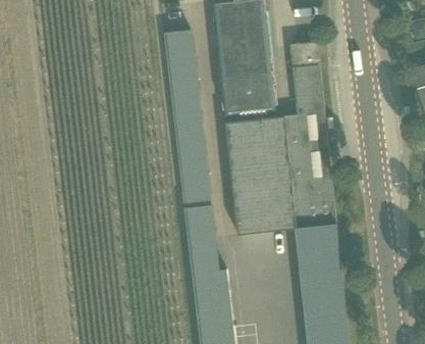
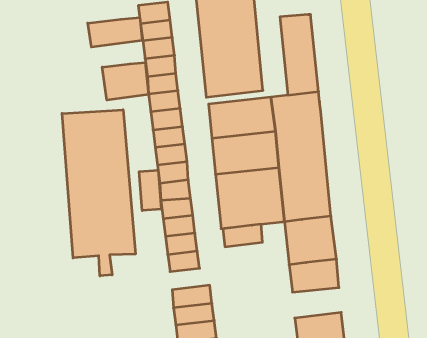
building: none -> [88,17,142,47]
building: none -> [102,63,149,100]
building: none -> [62,110,135,276]
building: none -> [139,170,161,211]
building: [192,269,227,290] -> [223,224,262,247]
building: [302,288,346,315] -> none

